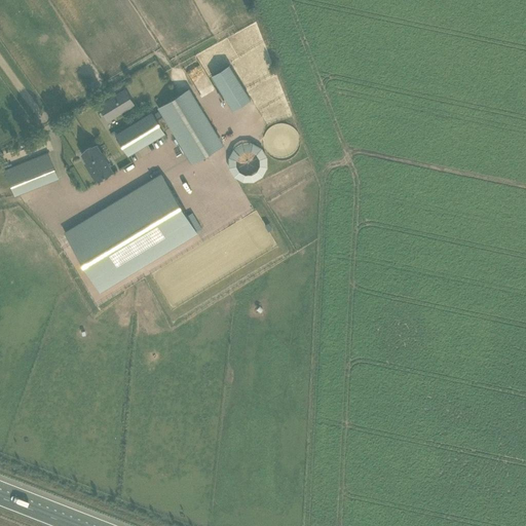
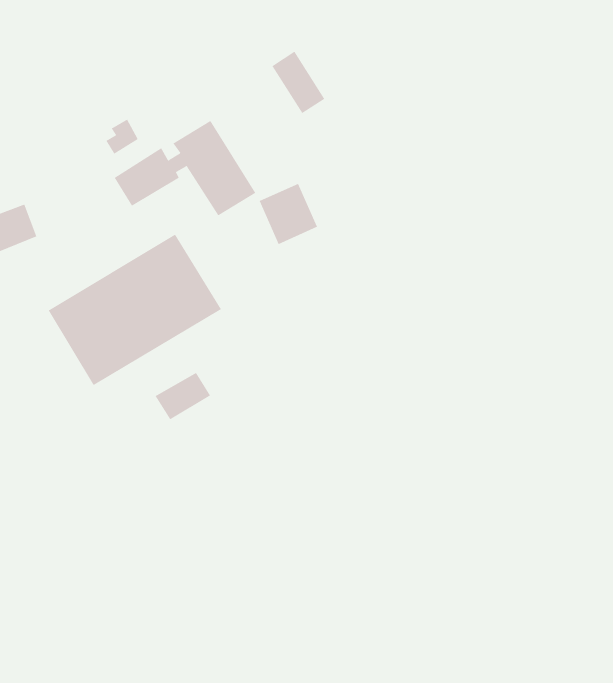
building: [208,64,248,111] -> [272,51,325,114]
building: [82,146,112,180] -> none
building: none -> [155,372,211,420]

